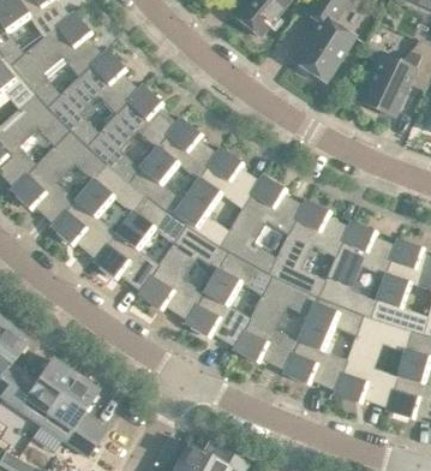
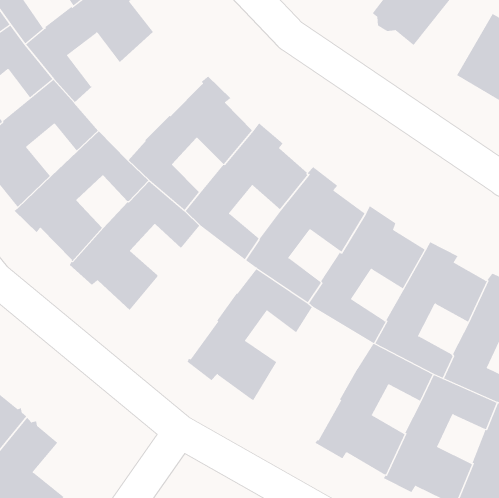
building: [88,84,178,183] -> none
building: [139,225,229,321] -> none
building: [234,275,318,370] -> none

